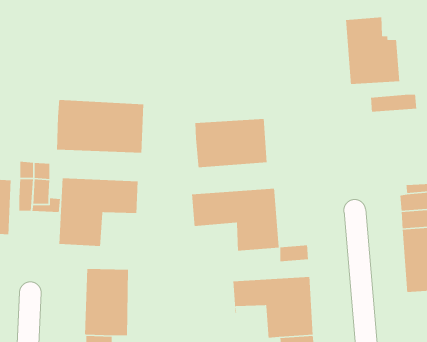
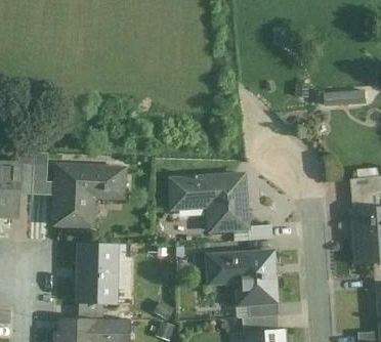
building: [345,17,400,85] -> none
building: [56,99,144,153] -> none
building: [195,118,268,168] -> none

